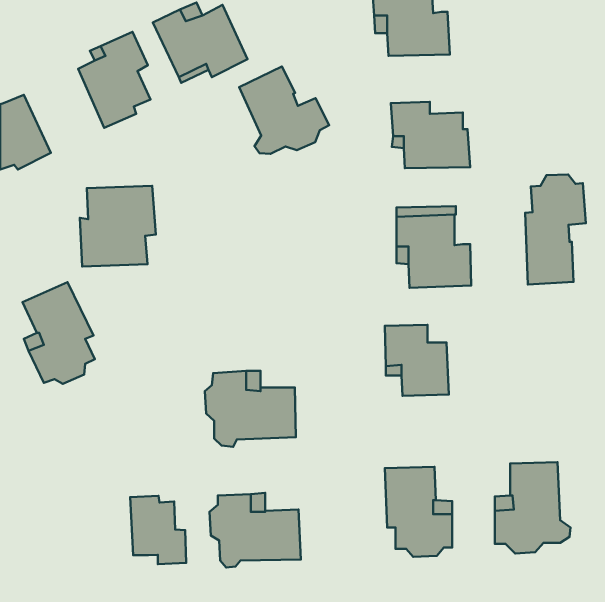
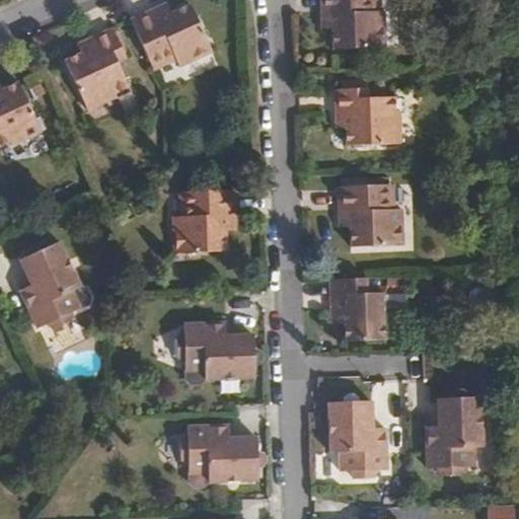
building: [239,67,329,154] -> none
building: [525,175,586,285] -> none
building: [80,186,156,266] -> [172,189,237,257]
building: [130,496,186,564] -> none

